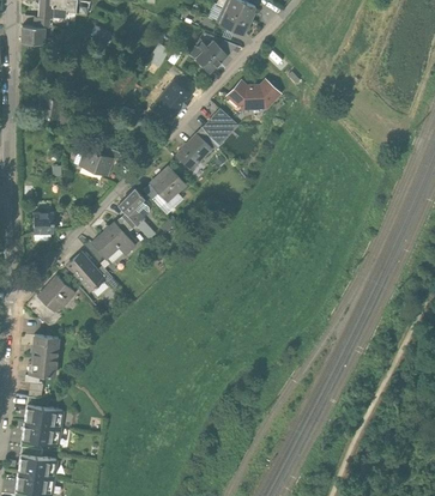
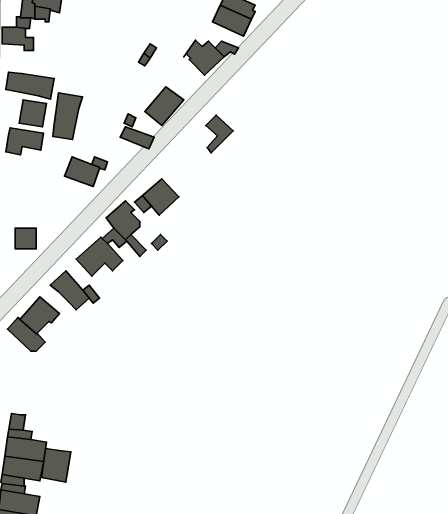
building: none -> [6,72,54,99]
building: [228,80,278,108] -> none
building: none -> [53,93,82,139]
building: none -> [6,128,44,155]
building: [175,134,211,165] -> none
building: [31,337,58,376] -> none
building: none -> [41,448,71,482]

